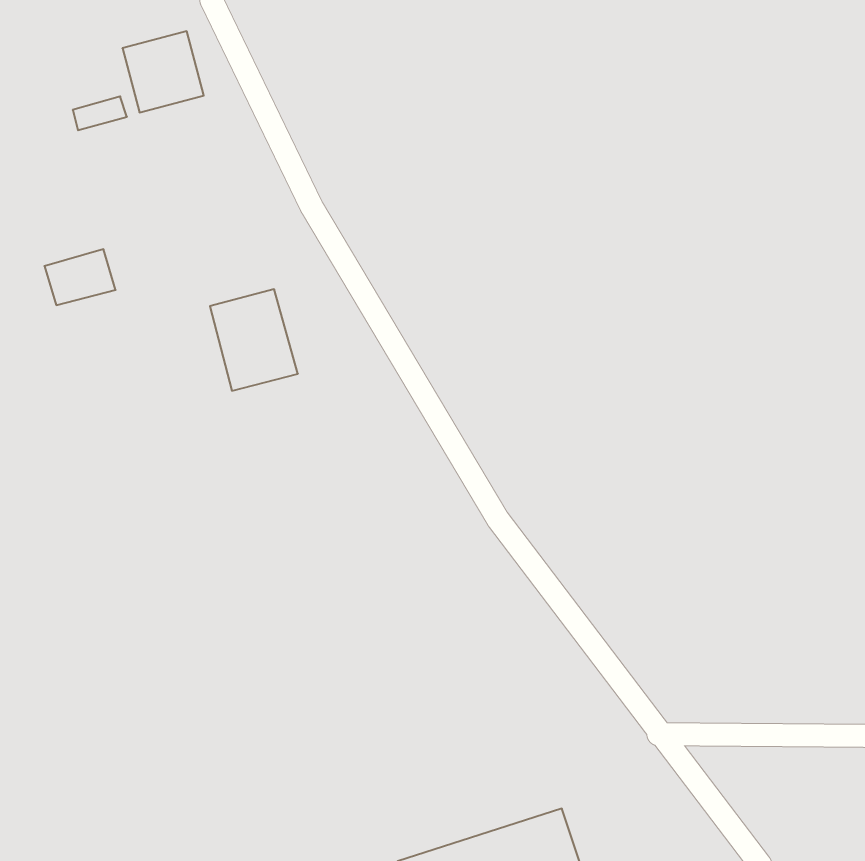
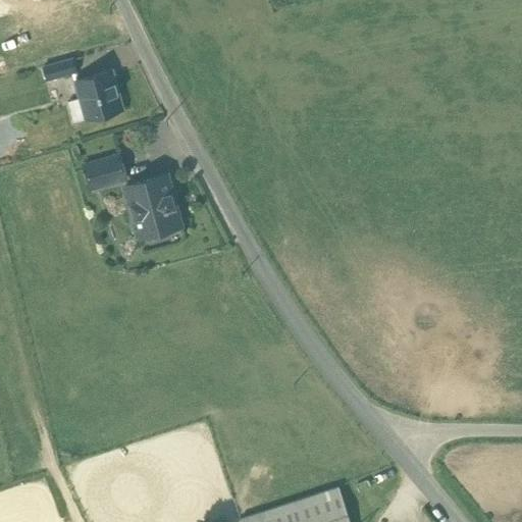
building: [122,31,204,112] -> [74,71,123,120]
building: [44,249,116,305] -> [84,156,126,190]

